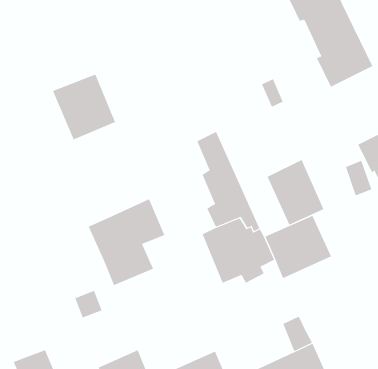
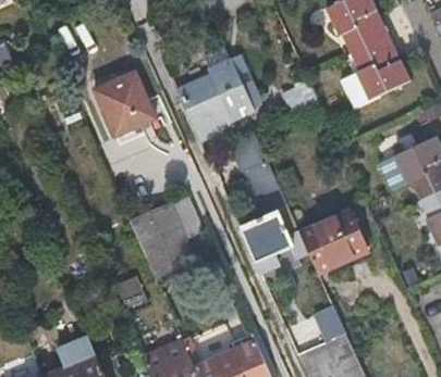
building: none -> [175,64,252,140]
building: [267,159,324,226] -> none

